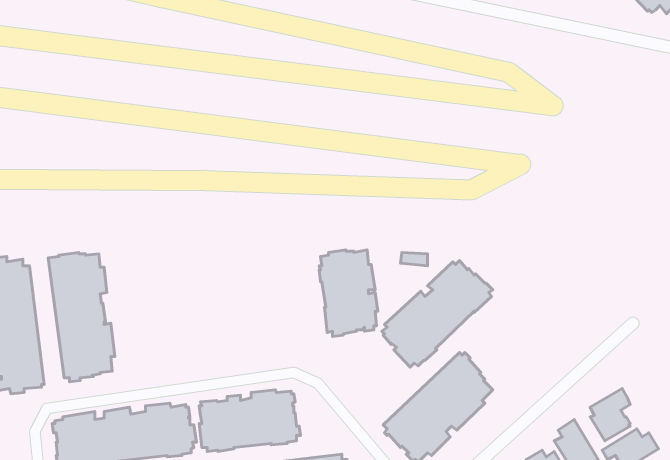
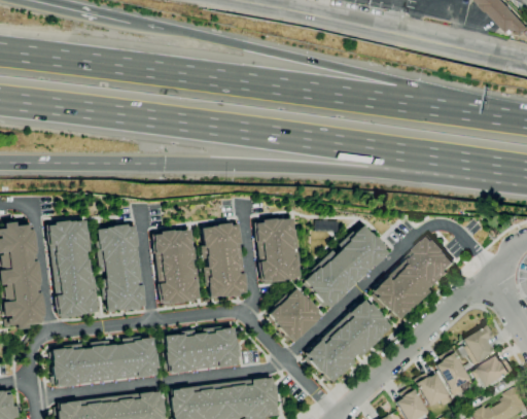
building: none -> [201,222,247,300]
building: none -> [96,224,145,314]
building: none -> [151,230,200,307]
building: none -> [371,237,457,320]
building: none -> [268,288,322,341]

